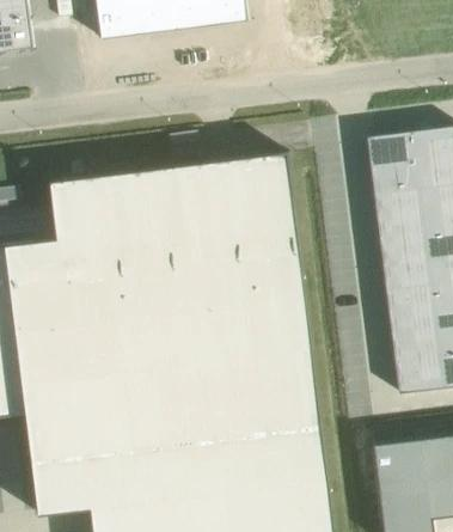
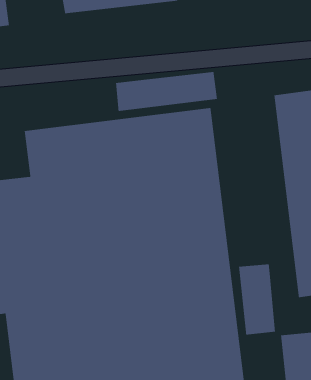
building: none -> [115,71,218,112]
building: none -> [238,263,276,336]

